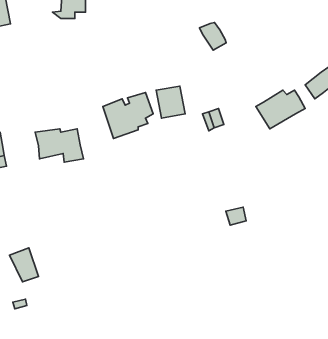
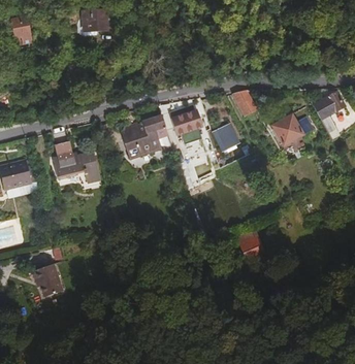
building: [199,22,226,50] -> [232,92,258,119]

